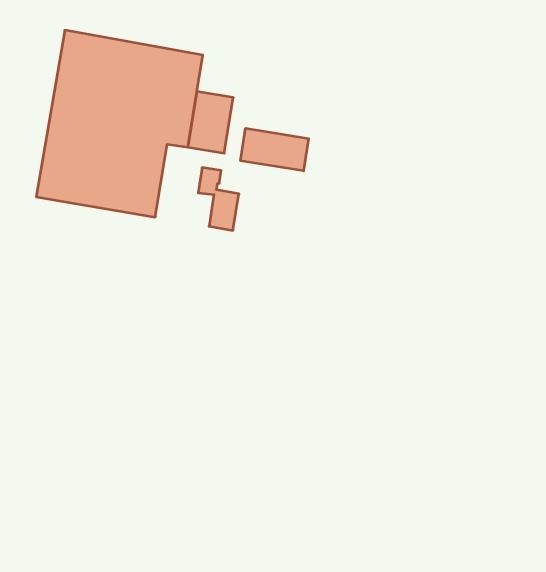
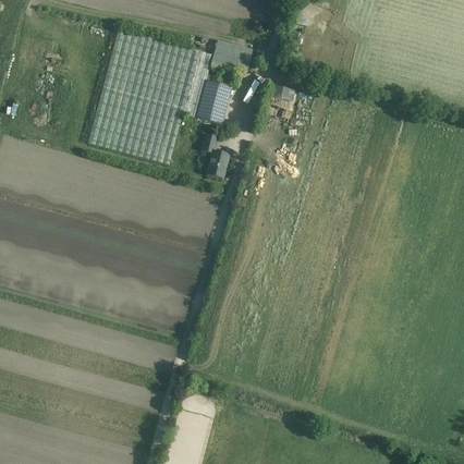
building: [241,128,309,171] -> none

